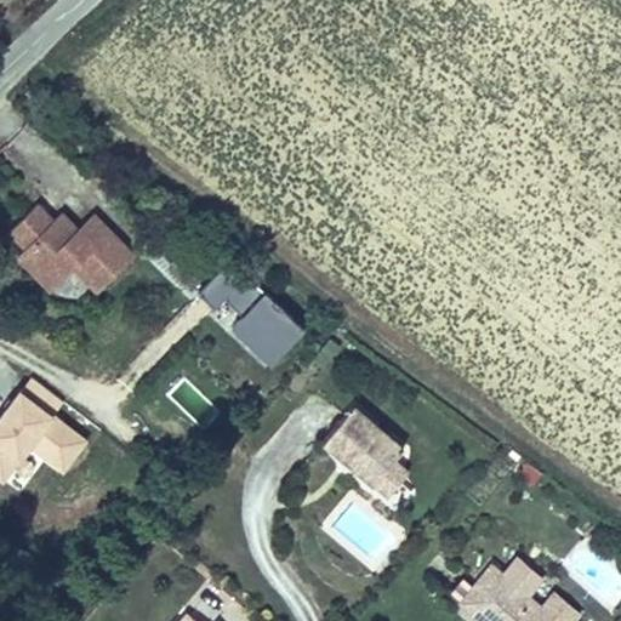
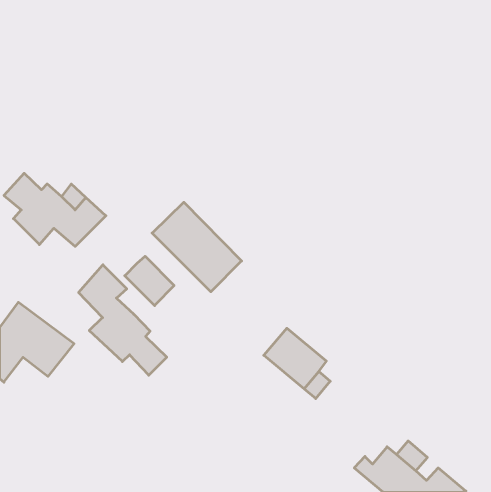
building: none -> [125,256,174,306]
building: none -> [79,265,167,375]

